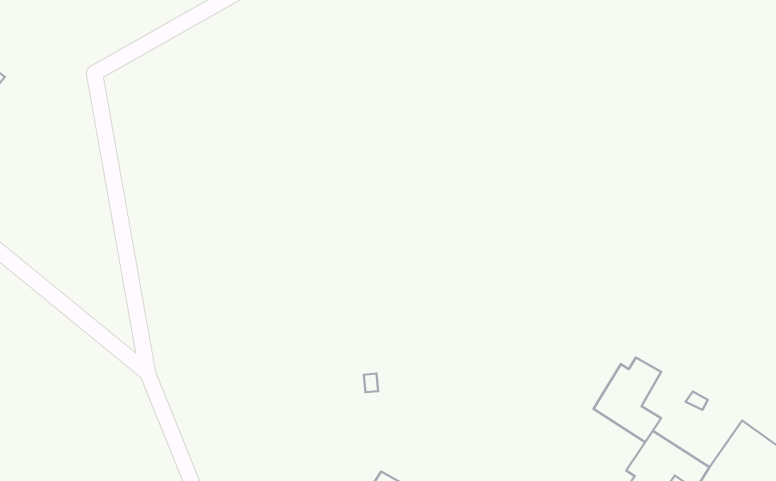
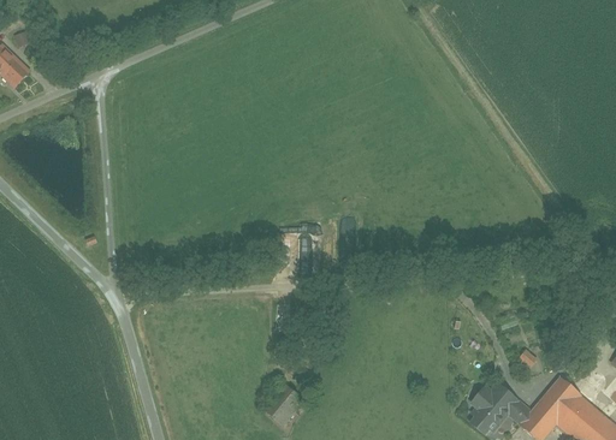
building: [593,358,661,442] -> none

